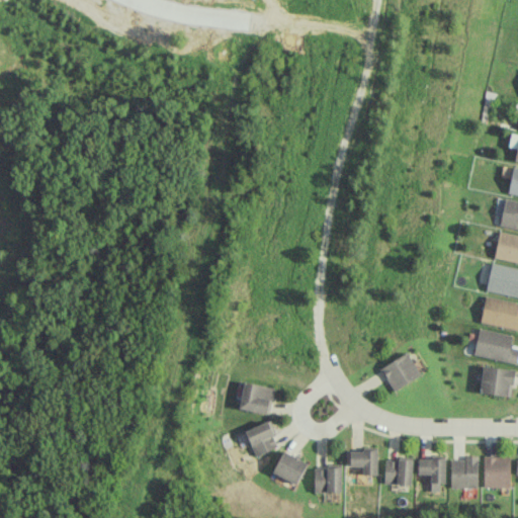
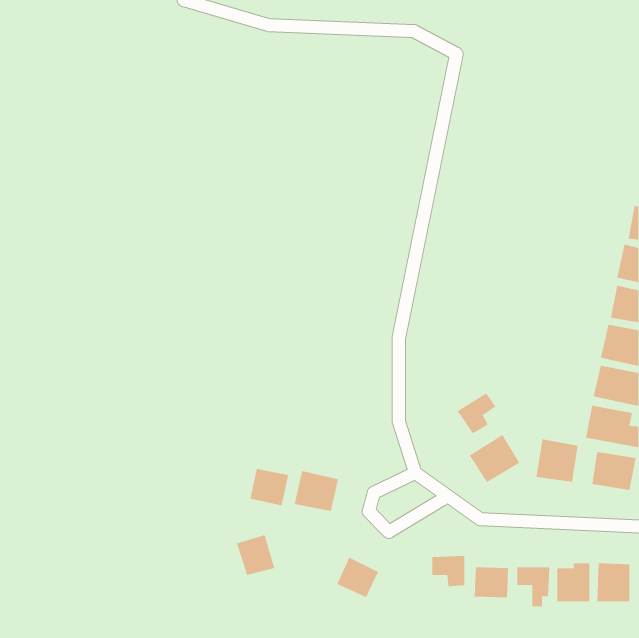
building: none -> [457,393,496,434]
building: none -> [536,439,578,483]
building: none -> [250,468,289,506]
building: [245,422,276,455] -> [236,534,275,576]
building: [313,468,341,493] -> none

